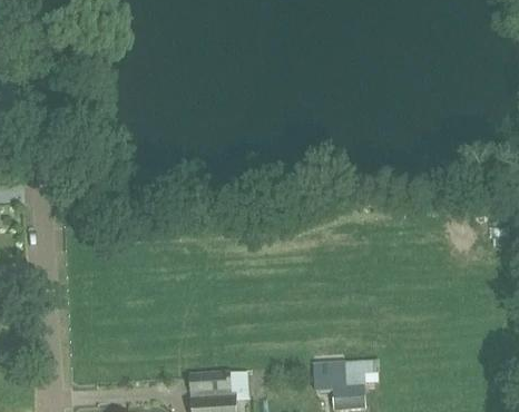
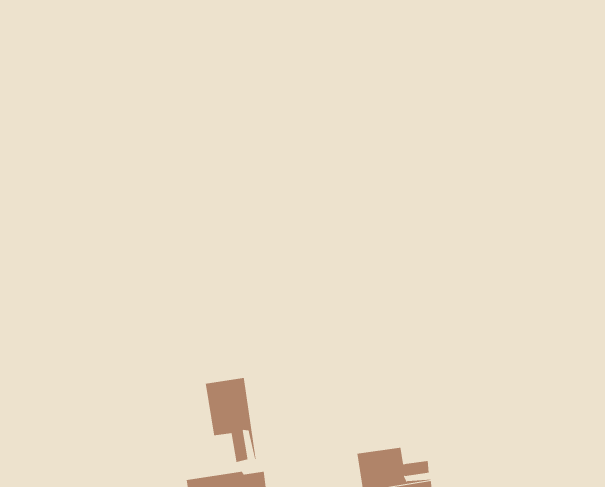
building: none -> [205,377,256,463]

